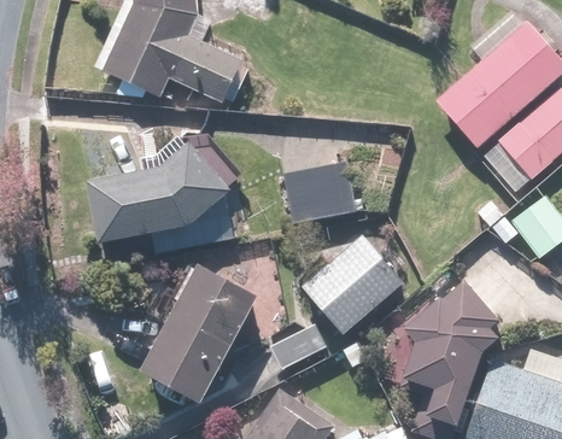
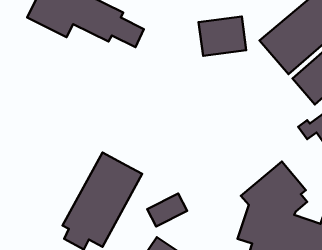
building: [90,135,245,253] -> none
building: [285,163,355,221] -> [198,16,246,56]
building: [303,233,405,335] -> none

